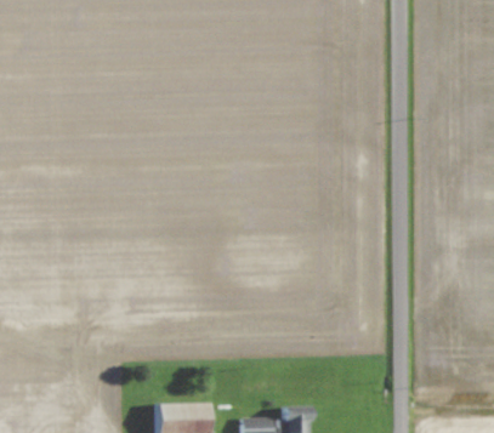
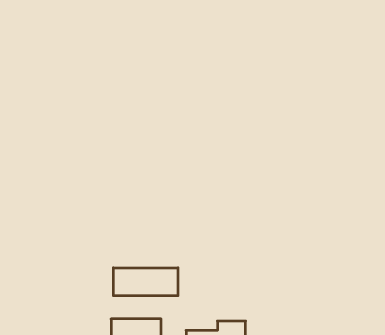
building: none -> [113,268,178,296]

